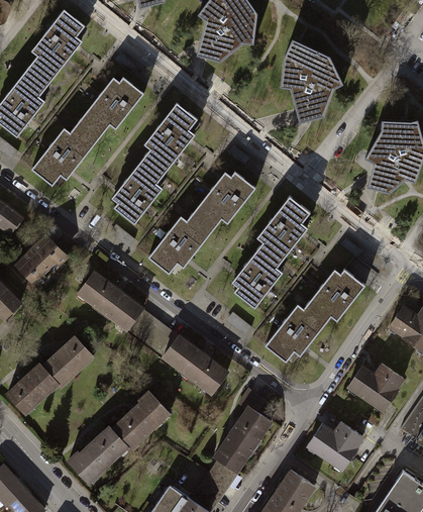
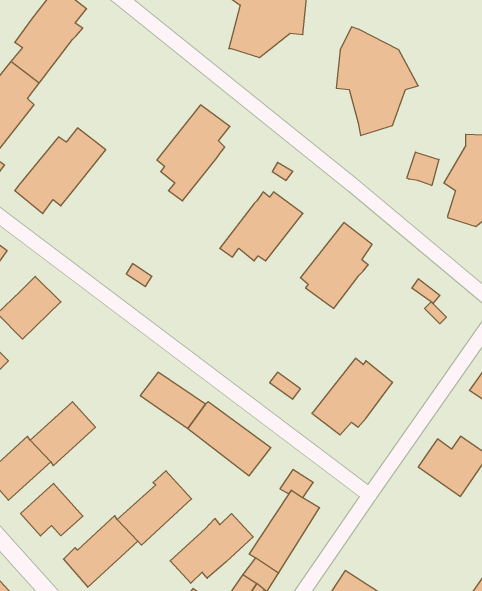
building: [79,76,145,137] -> none
building: none -> [407,152,439,186]
building: [109,155,164,225] -> none
building: [147,215,218,275] -> none
building: [229,246,283,309] -> none
building: [306,268,366,323] -> none
building: [80,274,144,331] -> none
building: none -> [21,483,83,536]
building: [308,422,363,470] -> none
building: none -> [170,514,253,583]

